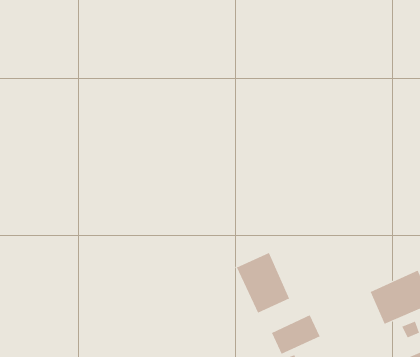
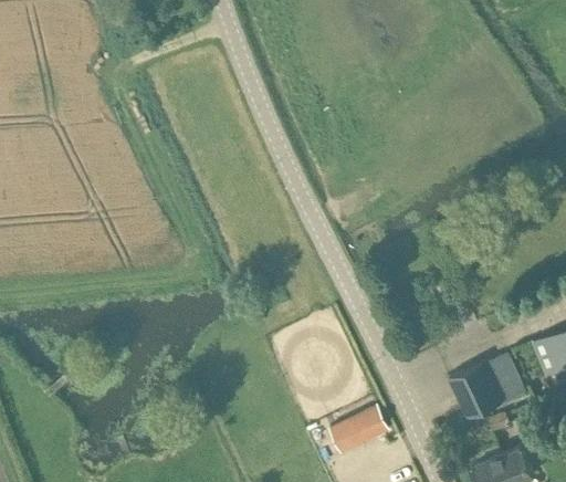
building: [236,252,290,313] -> none

